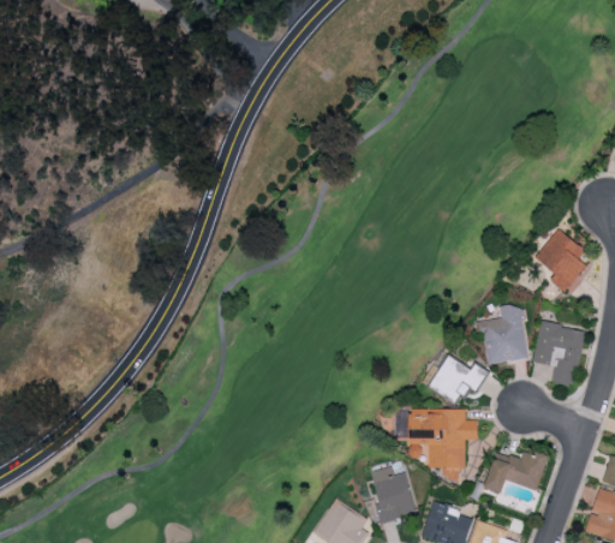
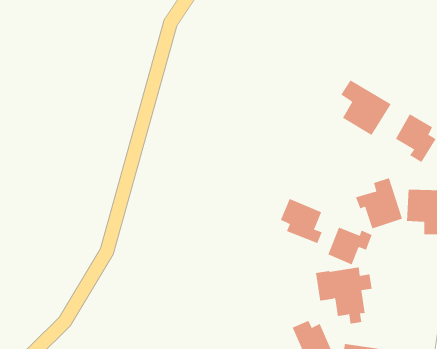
building: none -> [340,79,392,136]
building: none -> [280,198,322,244]
building: [483,450,547,494] -> none

